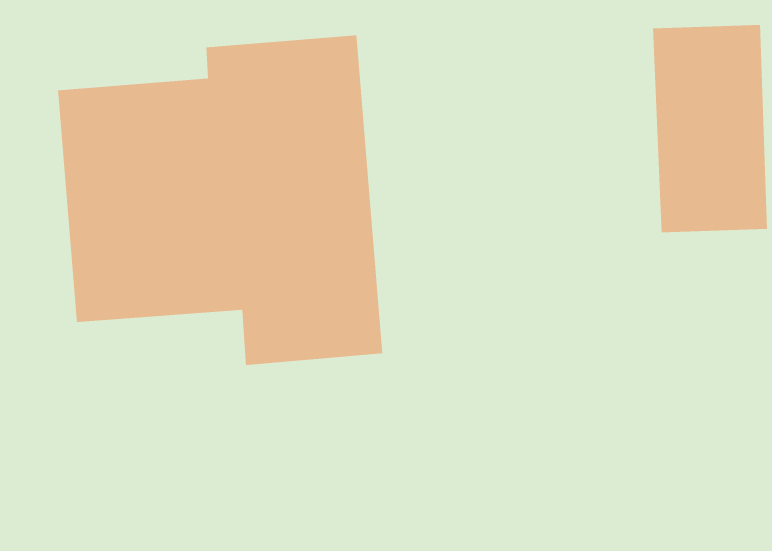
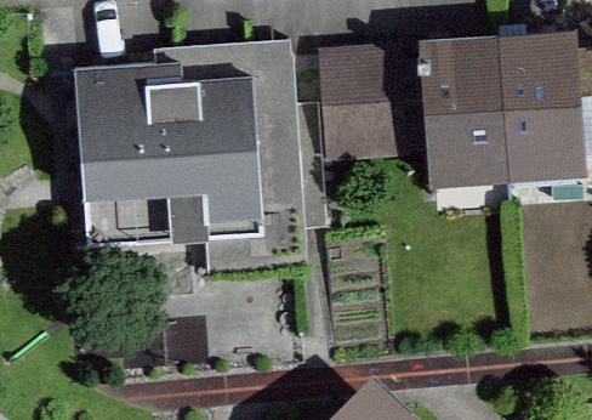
building: none -> [416,36,497,183]
building: none -> [318,44,408,160]

